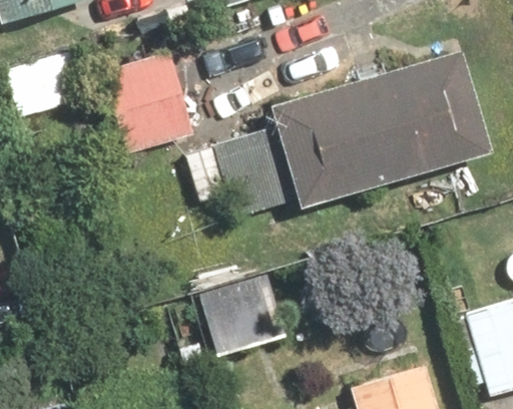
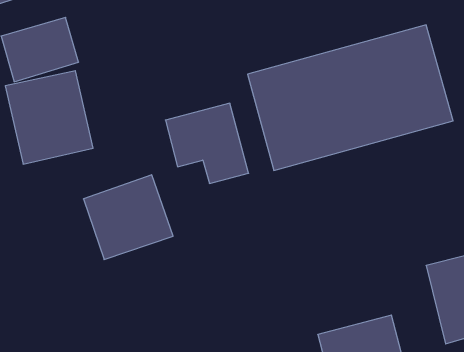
building: [103,53,197,153] -> [5,71,93,164]
building: [194,266,291,357] -> [83,175,173,260]

